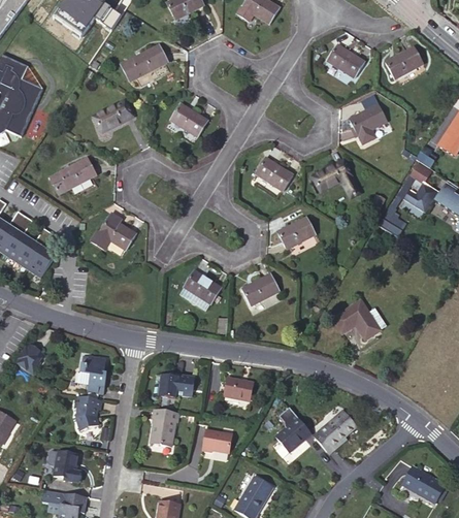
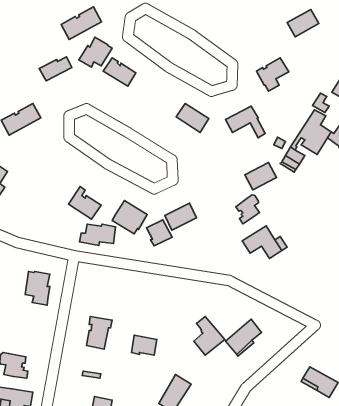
building: [326,44,364,77] -> none
building: none -> [79,37,112,67]
building: [98,212,136,250] -> [69,187,101,219]
building: [277,217,315,249] -> [245,162,277,190]
building: none -> [236,195,259,224]
building: none -> [147,220,172,246]
building: [153,371,195,396] -> [79,224,115,245]
building: [224,376,255,400] -> none
building: [73,394,102,428] -> none

